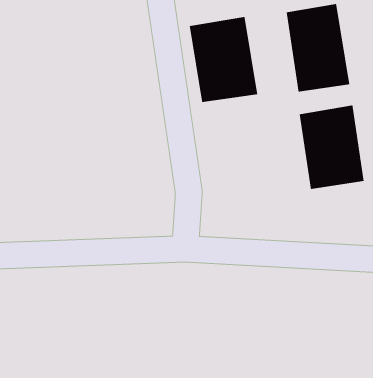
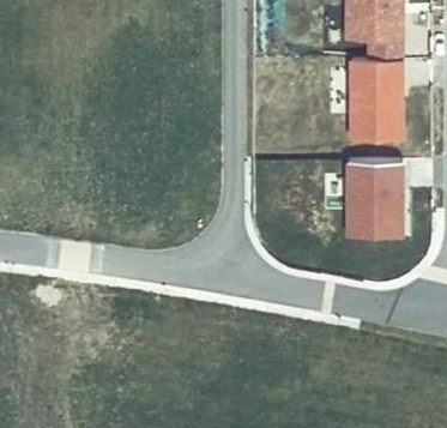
building: [189,16,258,103] -> none

